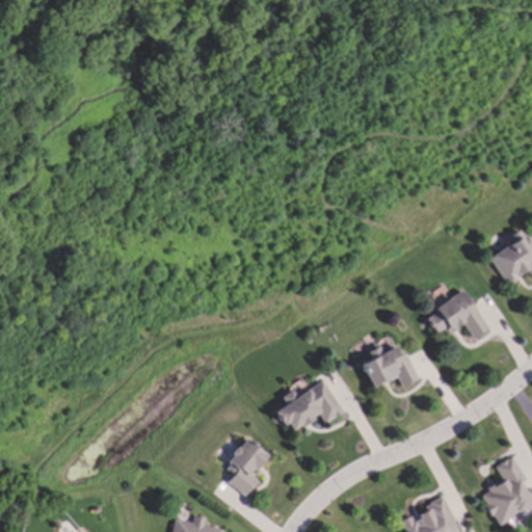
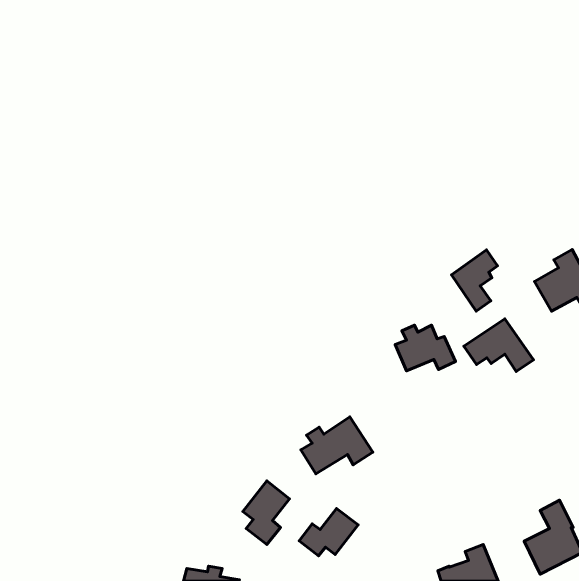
building: none -> [451,250,498,311]
building: [363,346,418,388] -> [395,325,455,371]
building: none -> [299,508,358,556]

